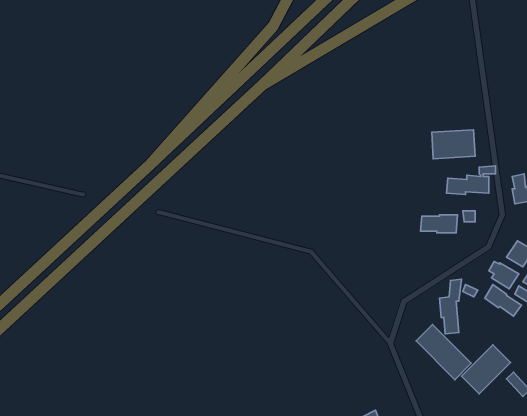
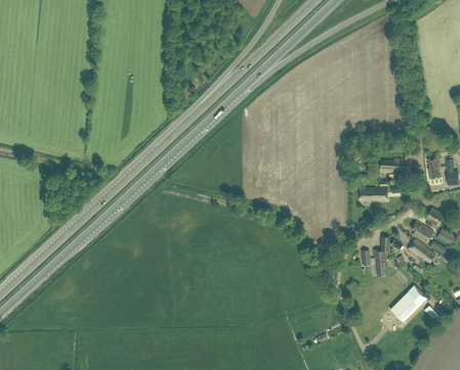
building: [432,130,475,159] -> none
building: [416,325,471,380] -> none

